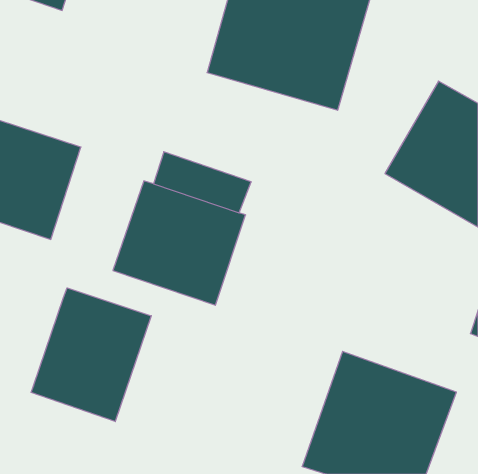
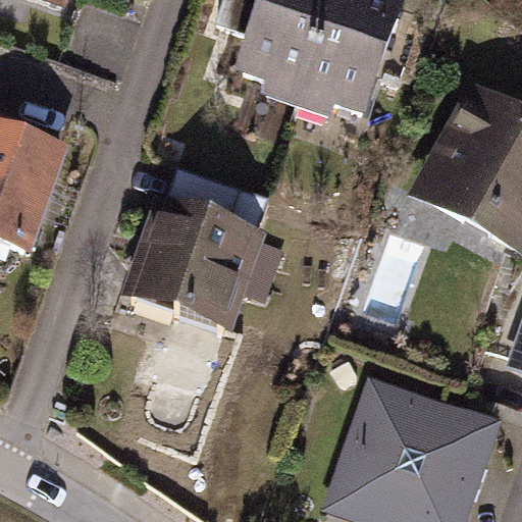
building: [31,288,151,422] -> none

